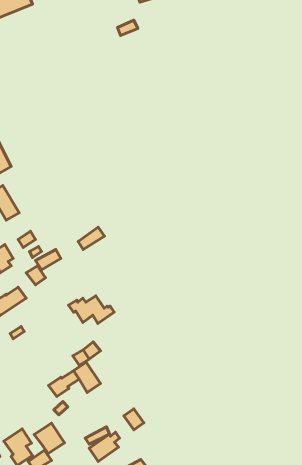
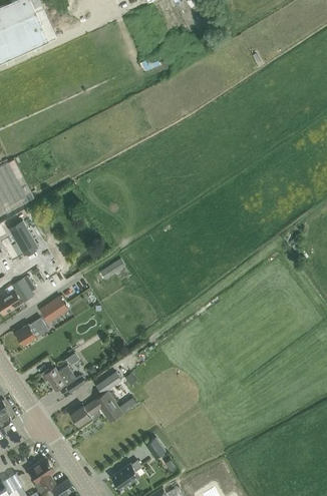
building: [69,296,114,323] -> [40,366,85,393]
building: [34,423,65,454] -> none

